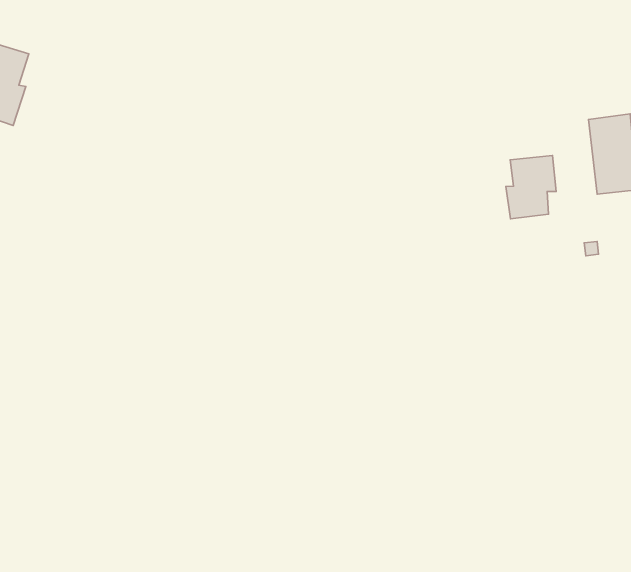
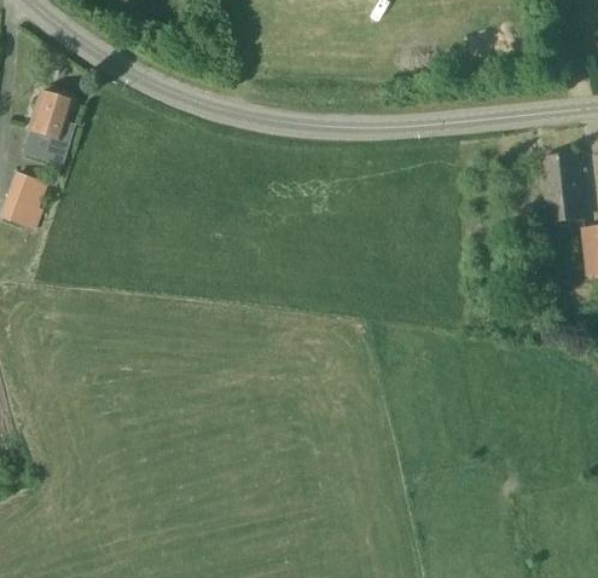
building: [506,155,556,219] -> none

